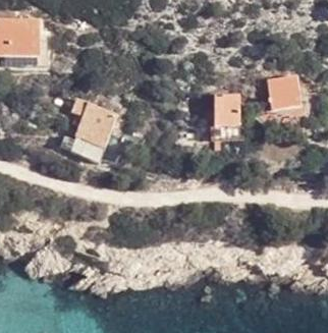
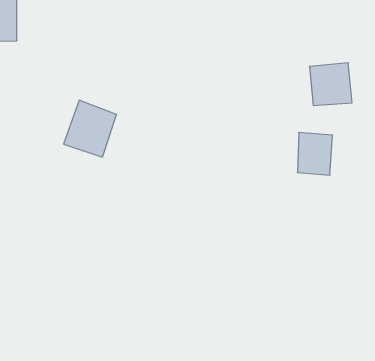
building: [213,91,240,124] -> [297,133,332,175]

